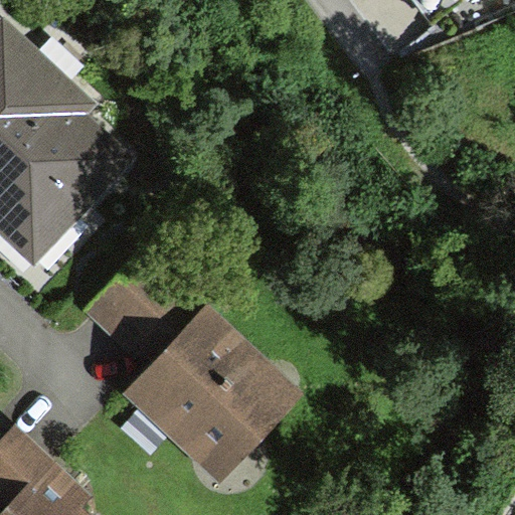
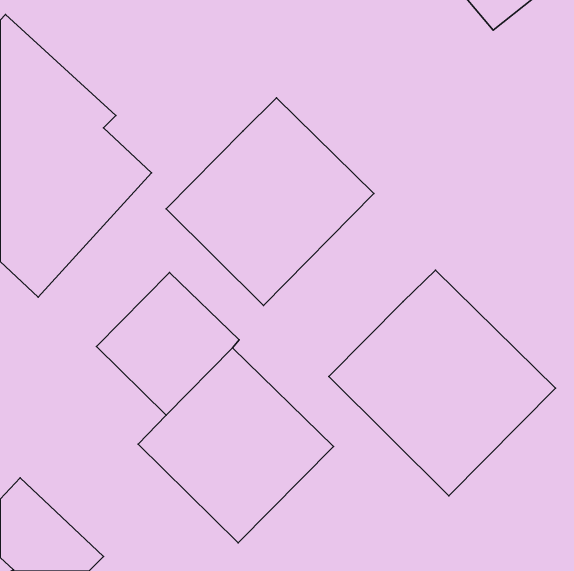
building: none -> [166,98,374,306]
building: none -> [329,270,555,496]

